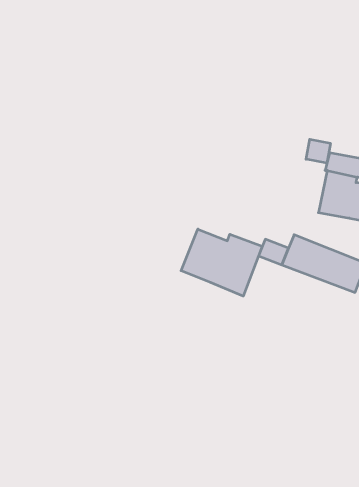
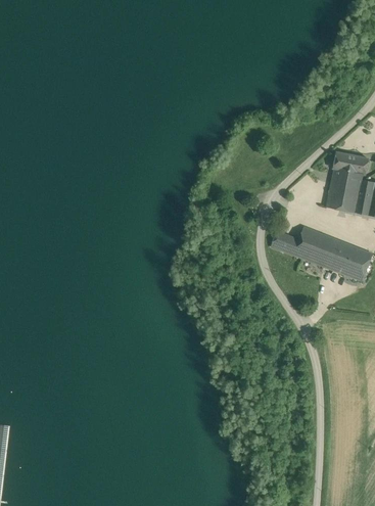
building: [306,139,330,163] -> none
building: [181,229,262,296] -> none

